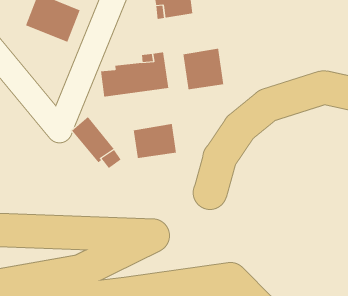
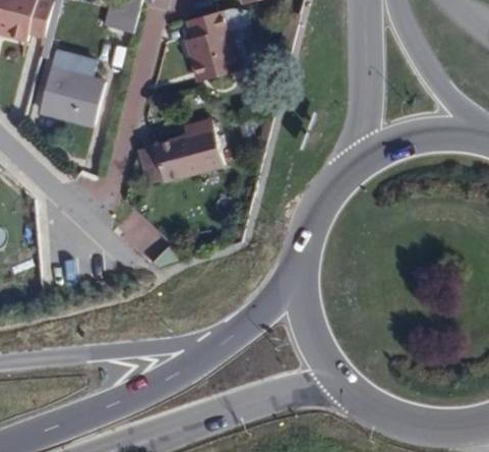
building: [183,48,224,90] -> none
building: [133,123,177,159] -> none

